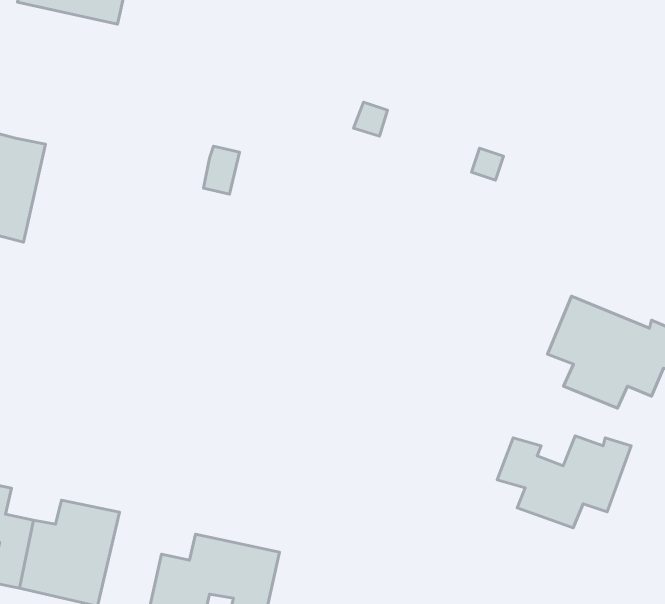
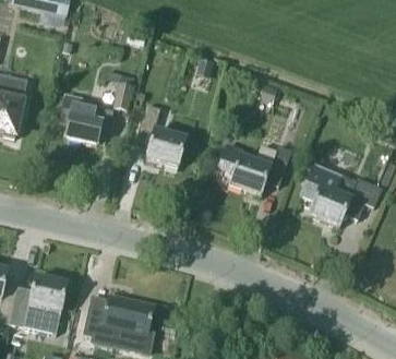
building: none -> [60,95,111,145]
building: none -> [135,105,185,167]
building: [497,436,631,528] -> [218,144,291,194]

